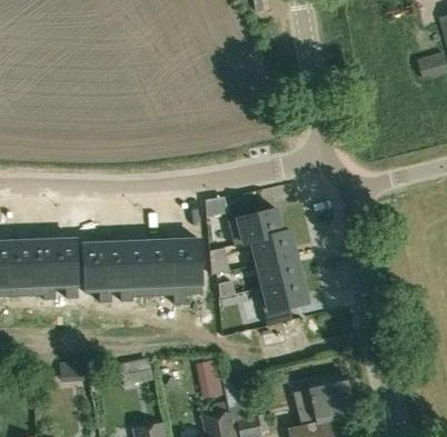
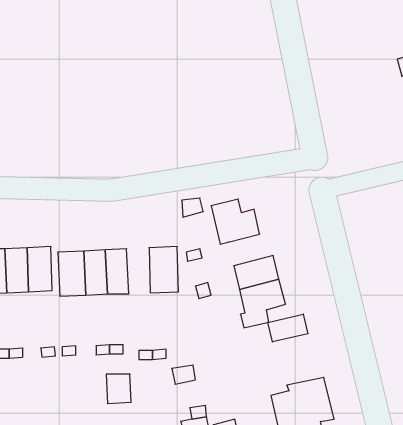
building: [250,231,295,264] -> none
building: [150,246,173,291] -> none
building: none -> [268,314,308,342]

